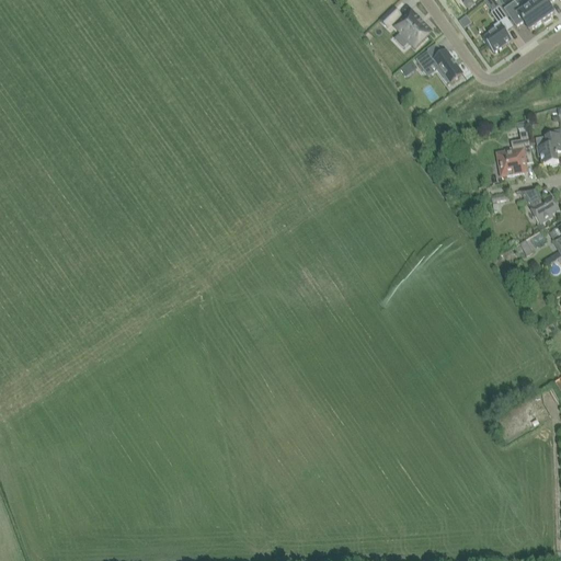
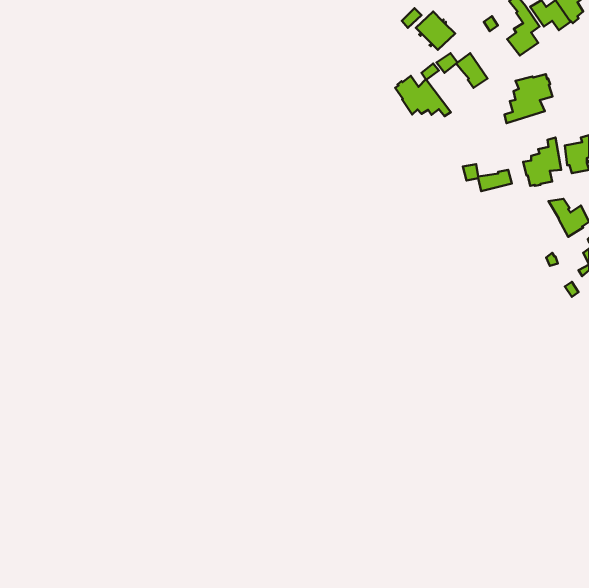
building: none -> [505,74,553,123]
building: none -> [395,76,451,116]
building: none -> [463,164,512,191]

